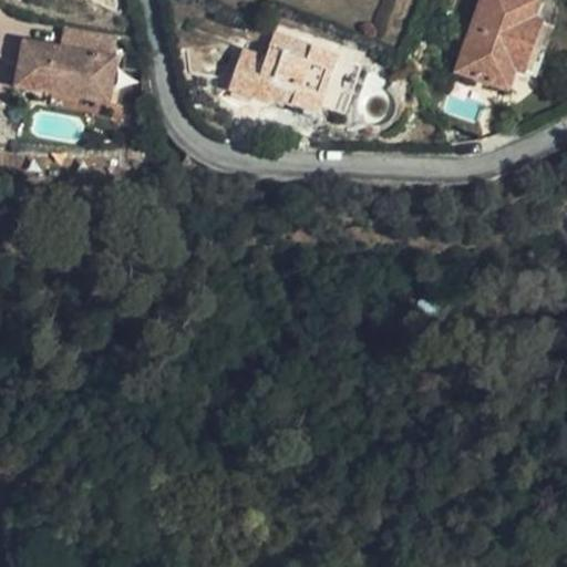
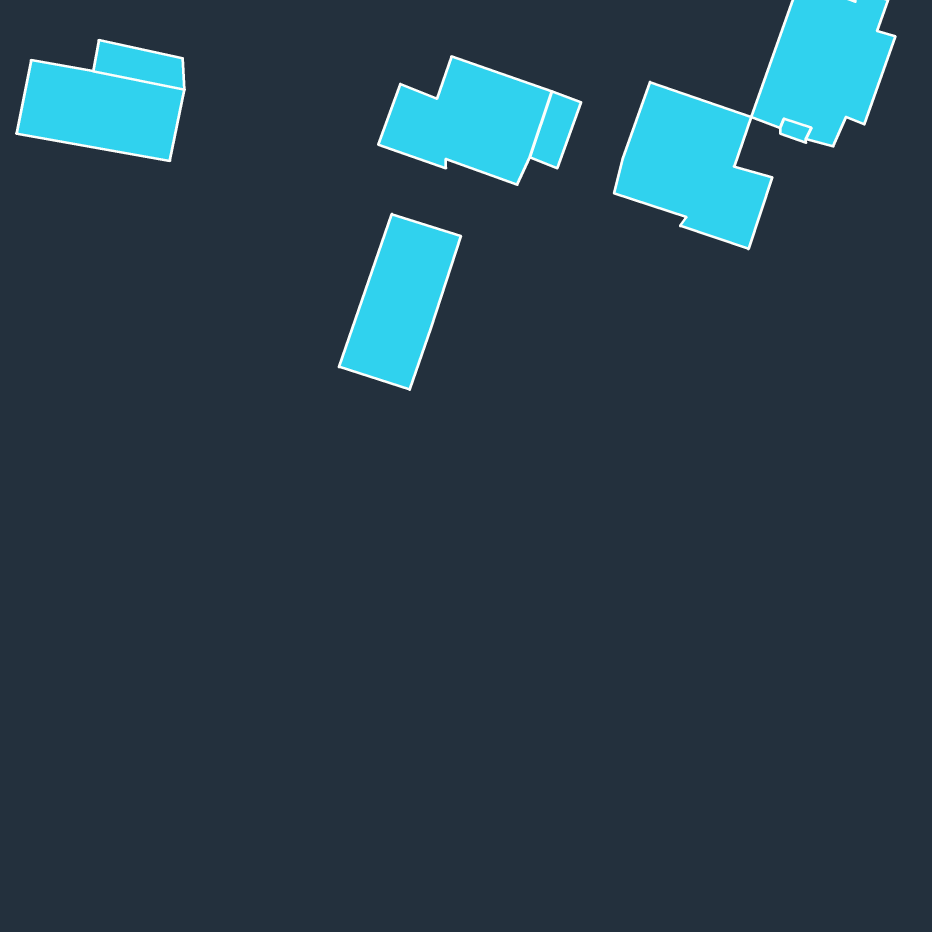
building: none -> [614,82,772,249]
building: none -> [339,214,461,390]

